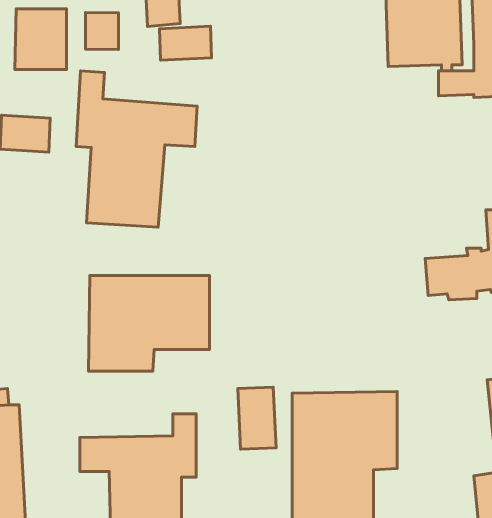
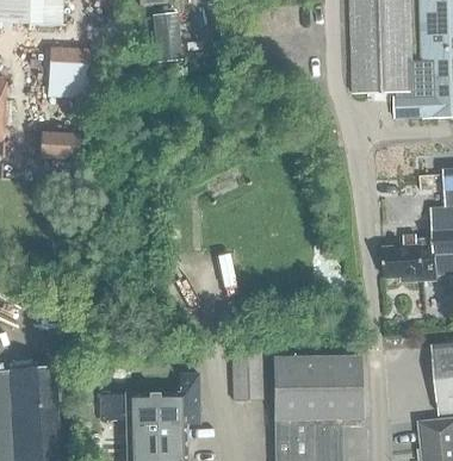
building: [86,13,119,50] -> none
building: [159,26,212,60] -> none
building: [76,71,197,227] -> none
building: [89,275,210,371] -> none

